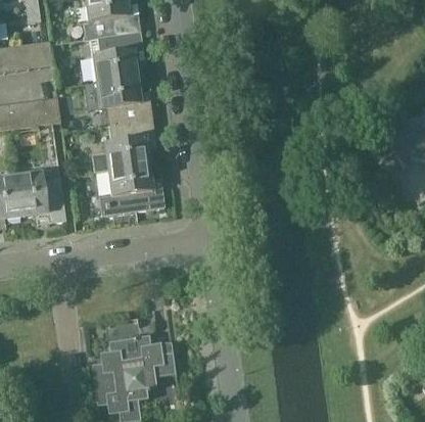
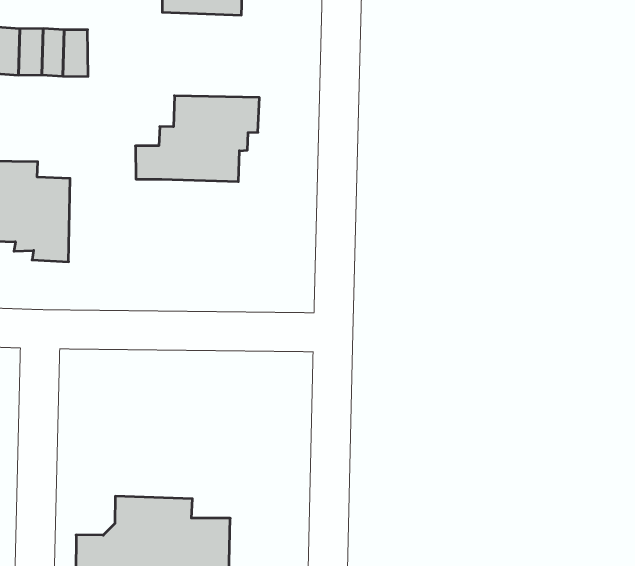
building: [94,77,152,125] -> none
building: [104,165,163,215] -> none

